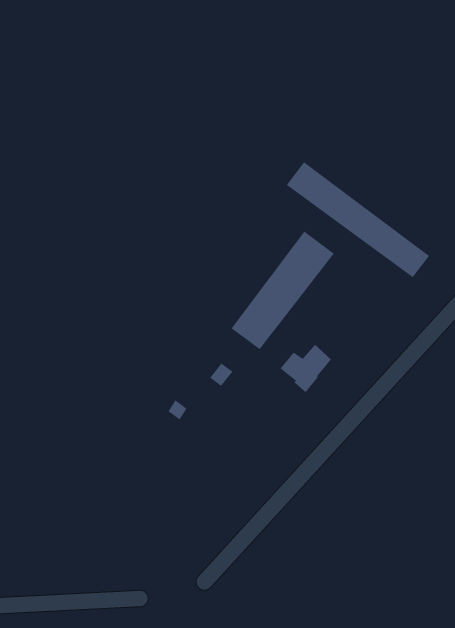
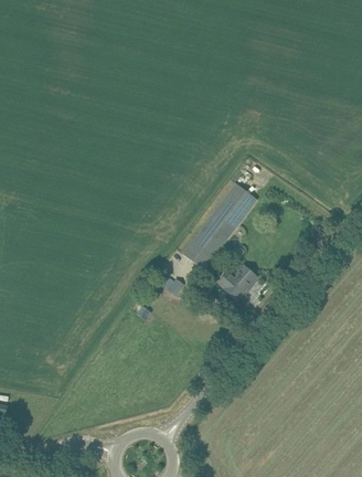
building: [286,161,430,278] -> none

